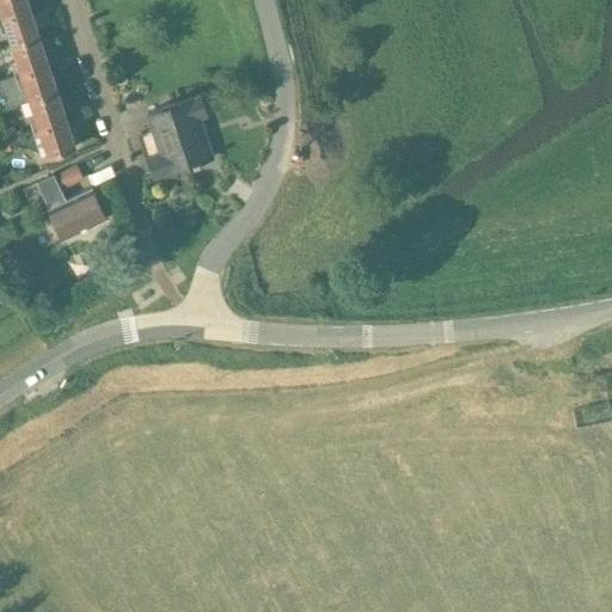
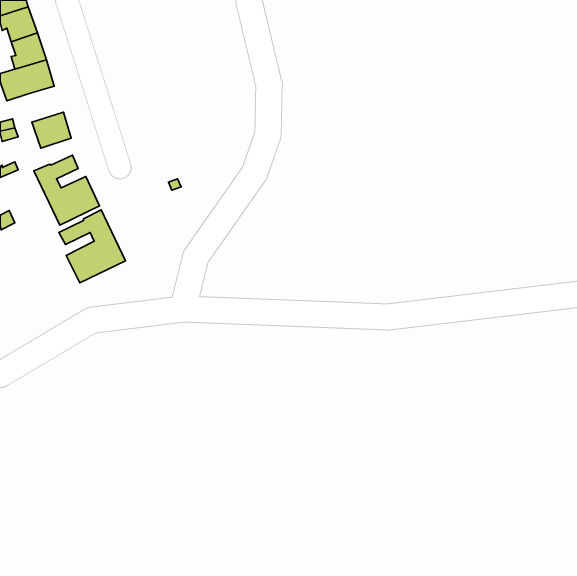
building: [31,93,68,131] -> none
building: [142,99,213,180] -> none
building: none -> [59,210,126,283]

